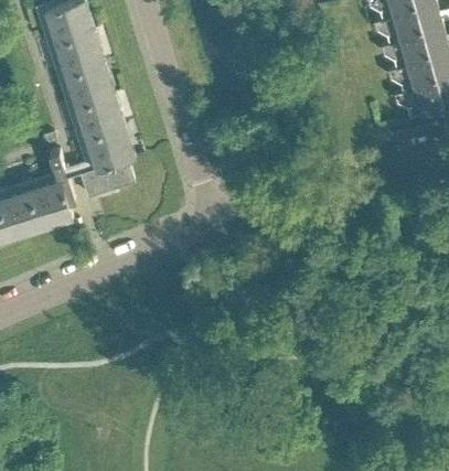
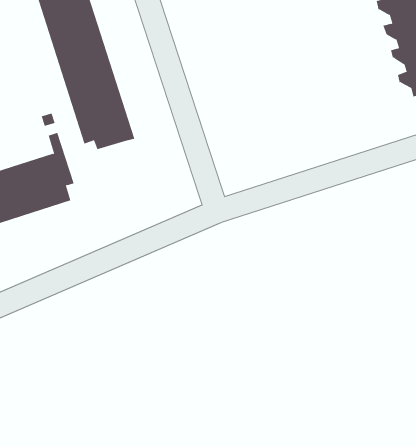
building: [78,160,135,197] -> none

